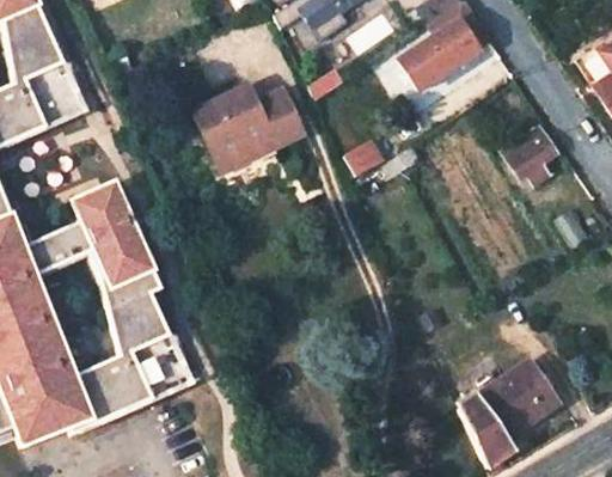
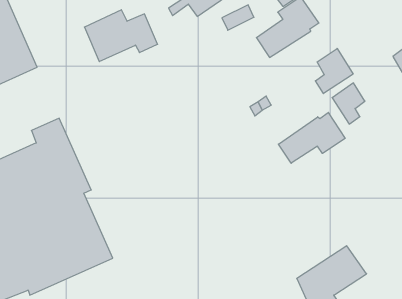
building: none -> [315,48,353,94]
building: [191,86,298,161] -> [84,10,158,62]
building: none -> [278,112,345,163]

